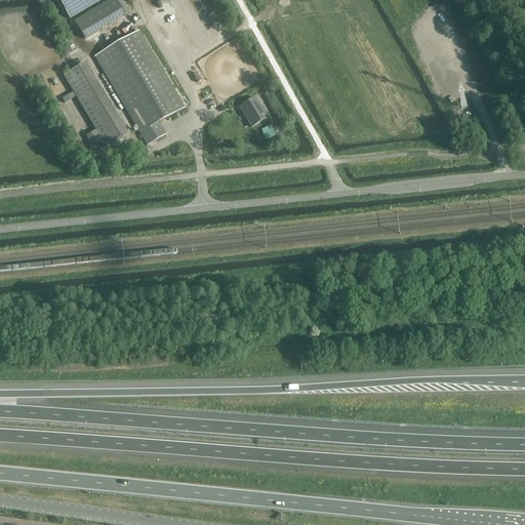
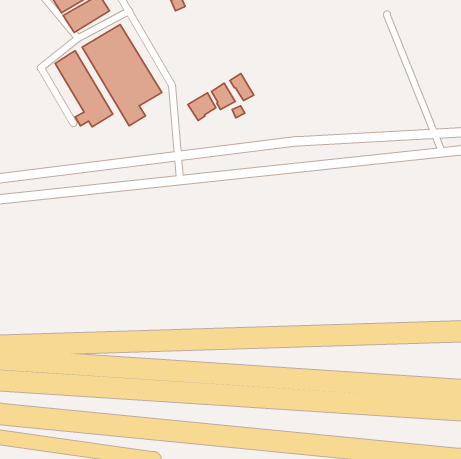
building: none -> [230,73,254,101]
building: none -> [188,93,216,120]

